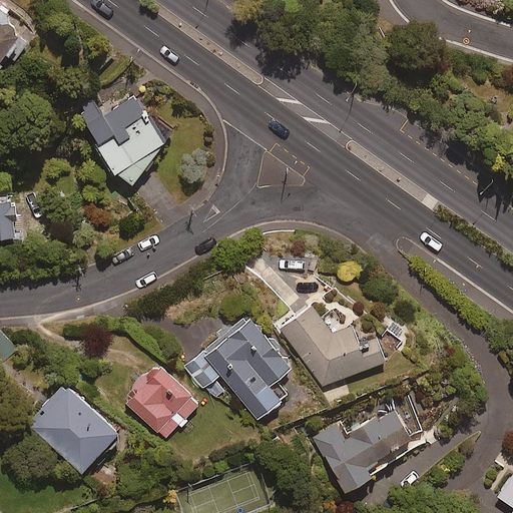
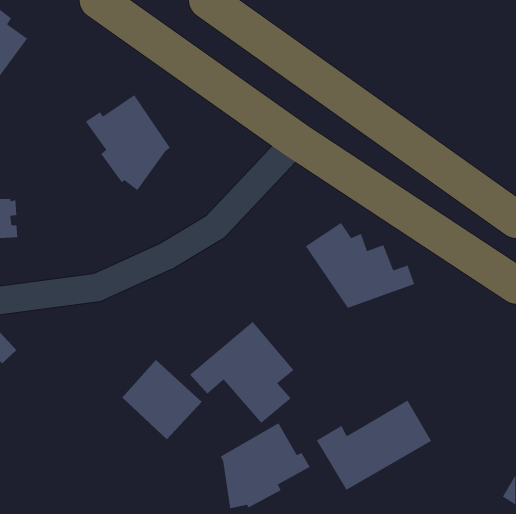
building: [277,300,386,386] -> [305,222,415,309]
building: [26,382,117,473] -> none
building: none -> [220,422,311,509]

